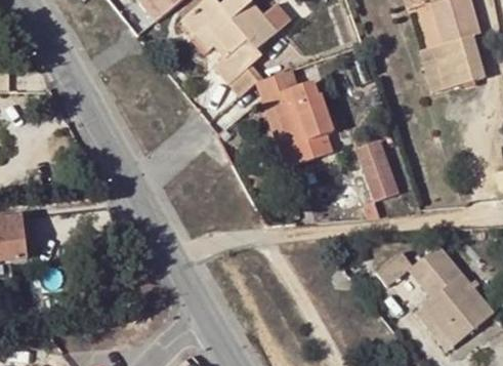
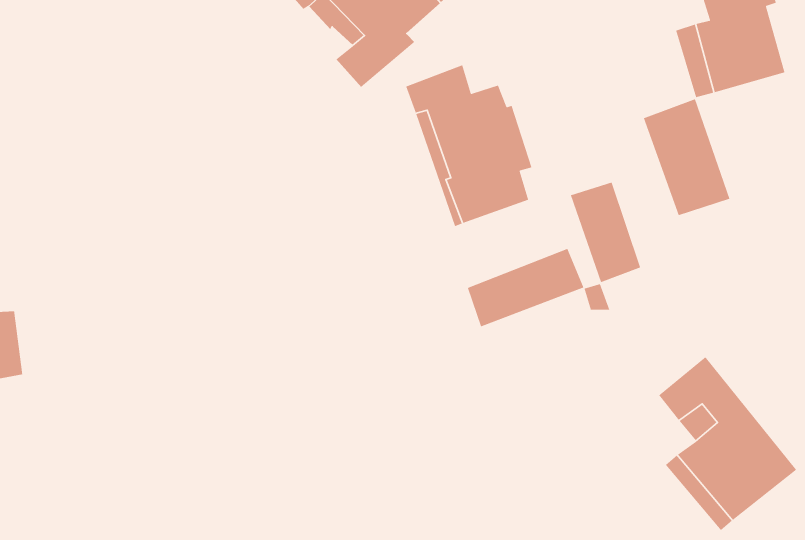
building: none -> [643,98,730,216]
building: none -> [467,248,584,328]

